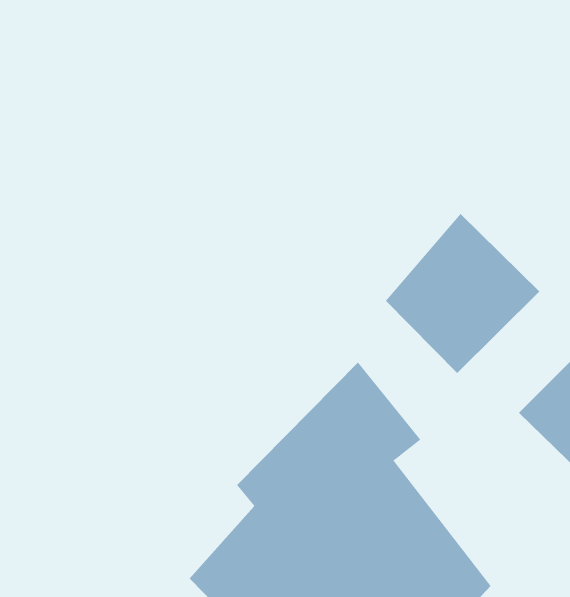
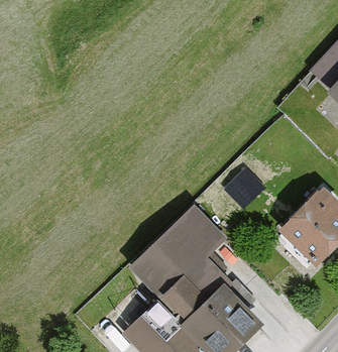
building: [385,213,540,374] -> none

